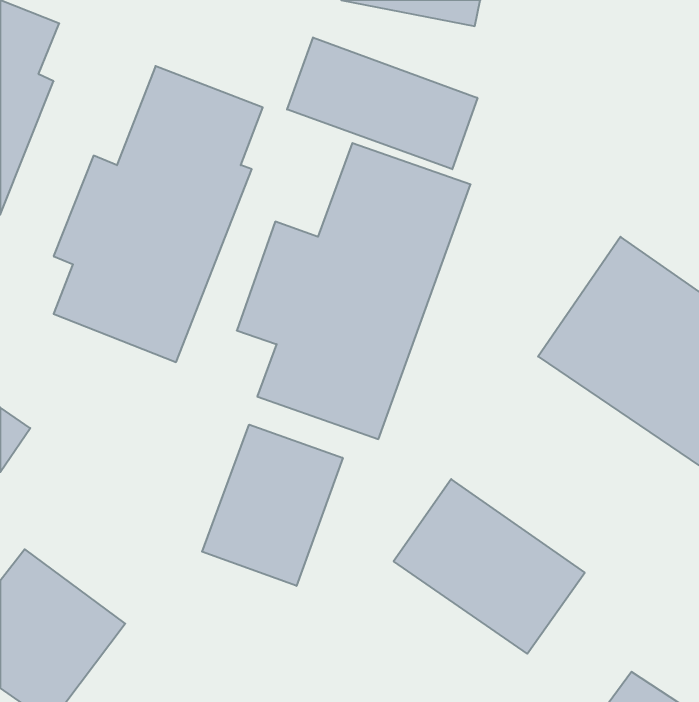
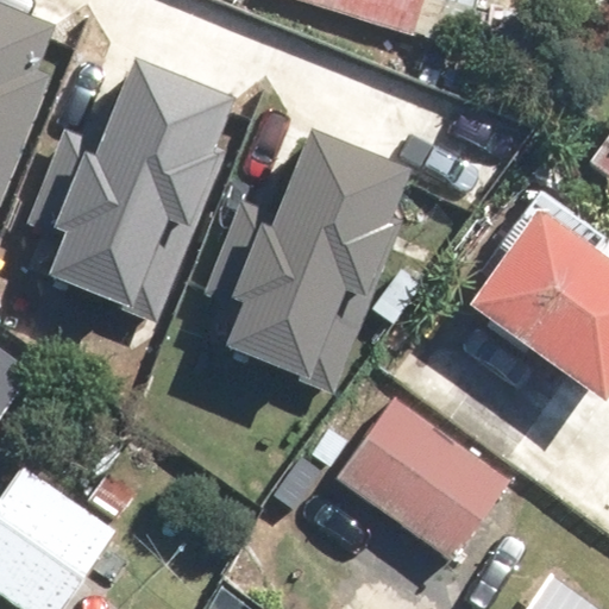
building: [287,37,477,169] -> none
building: [202,425,343,586] -> none

